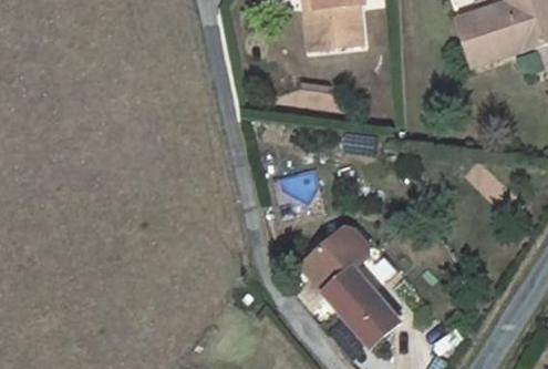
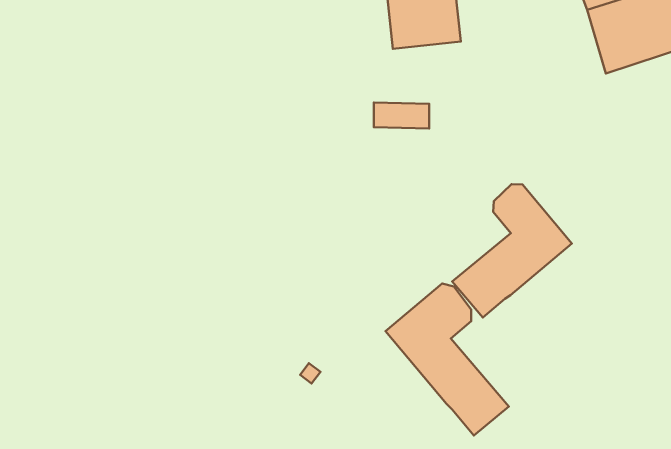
building: none -> [452,184,572,318]

